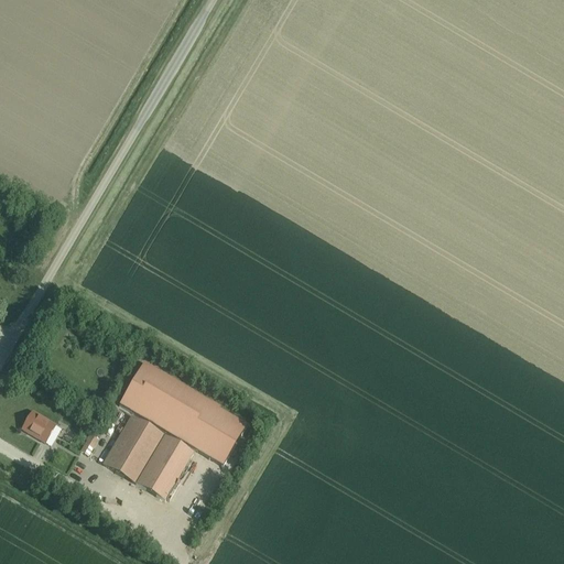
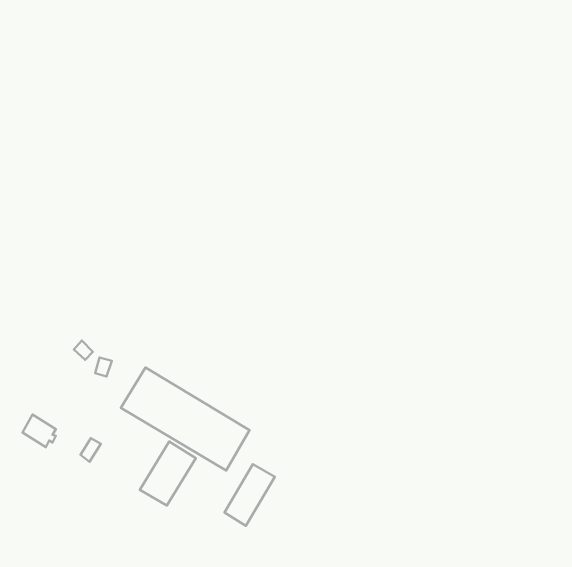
building: [102,413,166,481] -> none
building: none -> [225,464,275,526]

